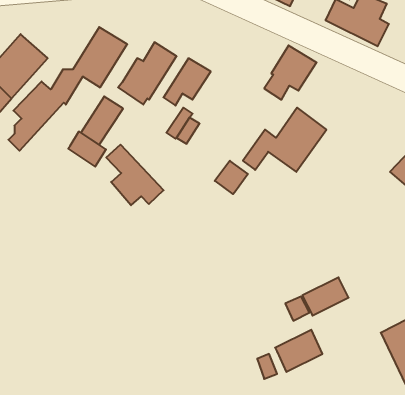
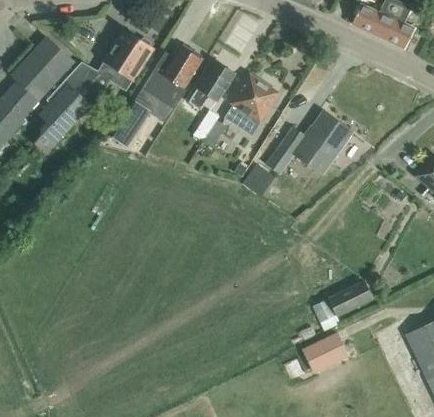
building: [264,45,317,100] -> [226,75,278,129]
building: [68,131,106,167] -> none
building: [106,145,164,205] -> none

